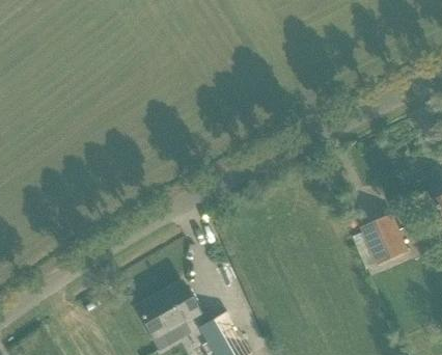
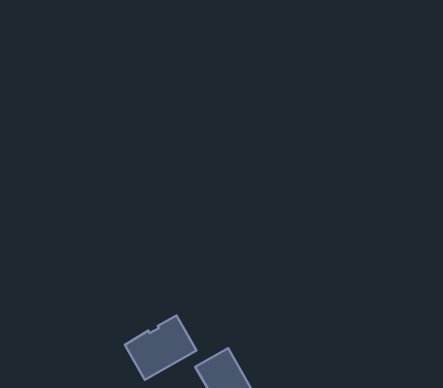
building: [361,214,407,265] -> none

